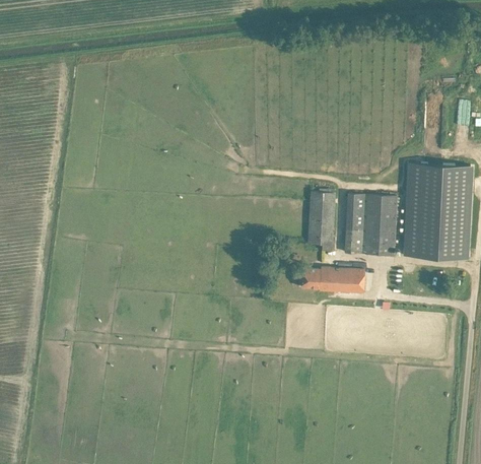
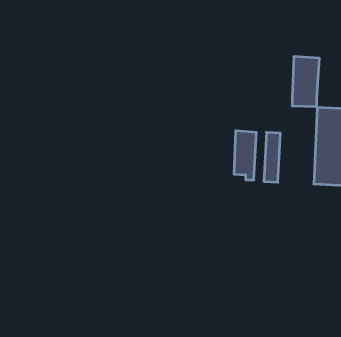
building: [364,194,398,255] -> [292,57,319,107]
building: [302,267,366,292] -> none

